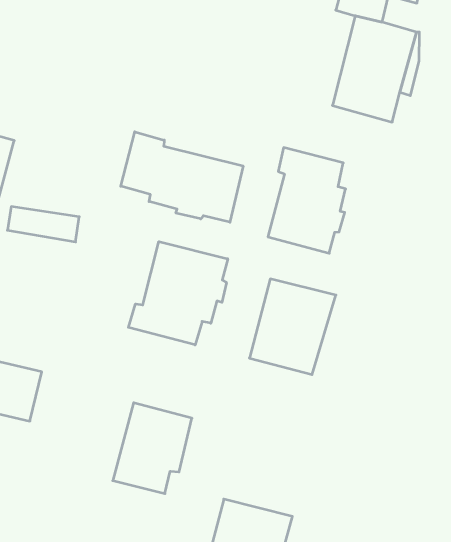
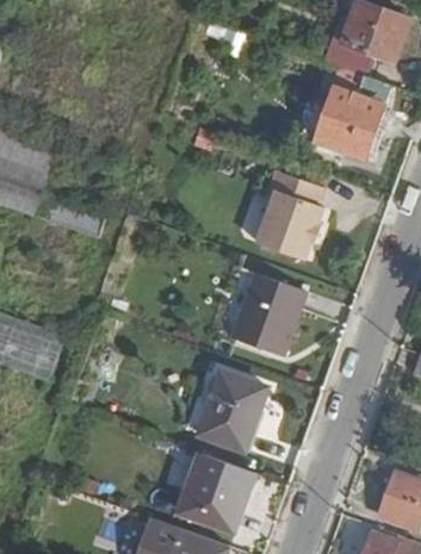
building: [121,132,243,222] -> none
building: [128,242,228,345] -> none
building: [113,403,192,494] -> [198,373,267,449]

